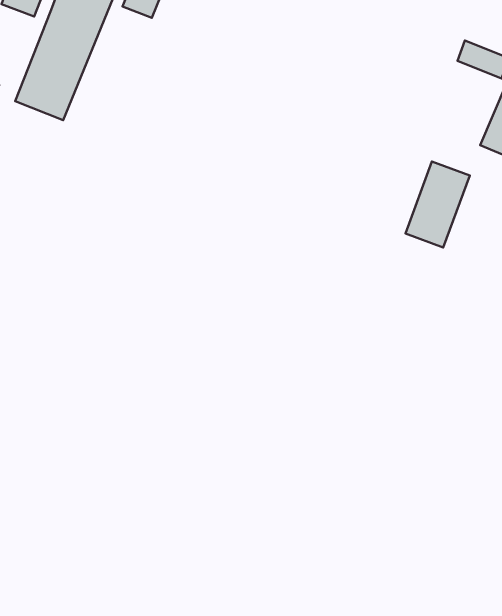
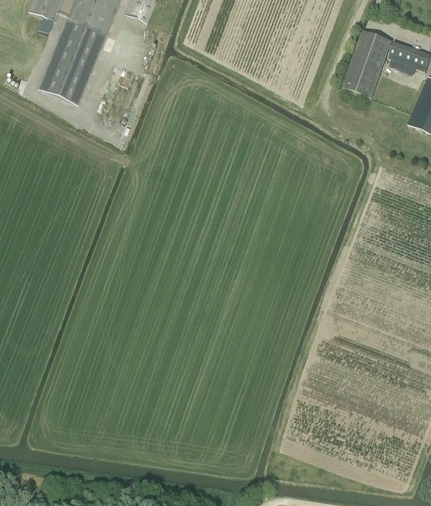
building: [405,162,470,247] -> [341,29,392,97]

